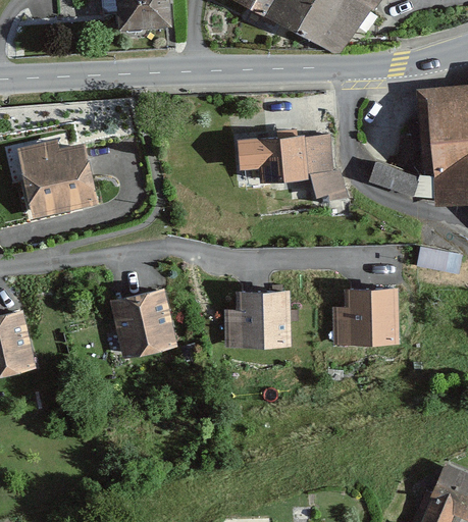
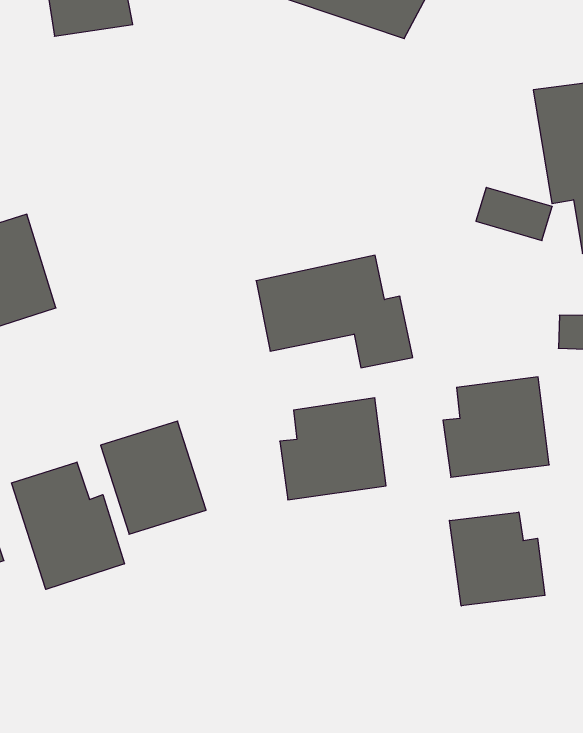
building: [253,129,350,202] -> [256,255,413,368]
building: none -> [12,462,124,589]
building: none -> [449,512,545,606]

